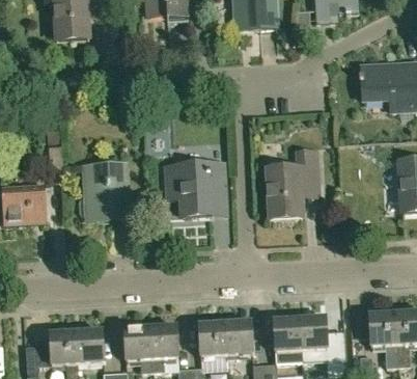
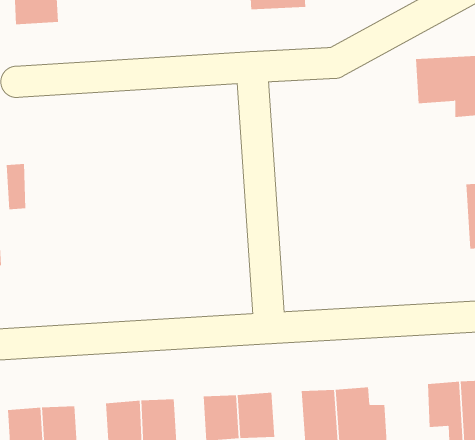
building: [266,151,316,218] -> none
building: [165,163,224,215] -> none
building: [79,164,127,220] -> none

